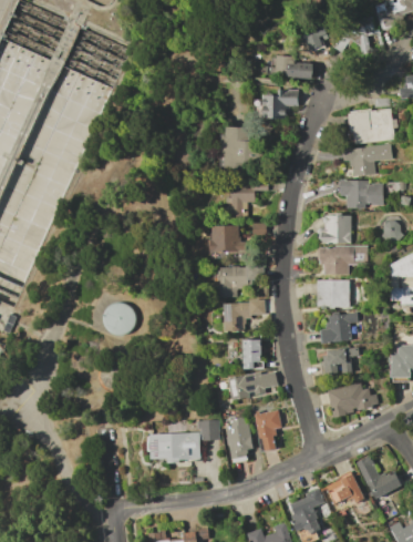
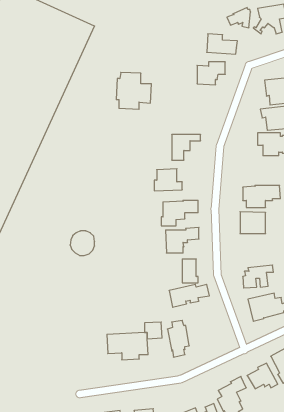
building: [219,126,264,173] -> [116,72,151,109]
building: [318,213,350,244] -> none
building: [321,313,358,344] -> none
building: [254,410,281,450] -> none

